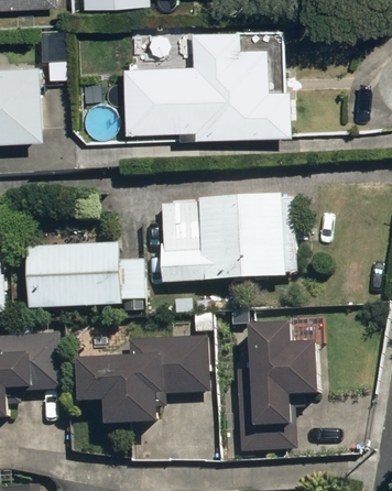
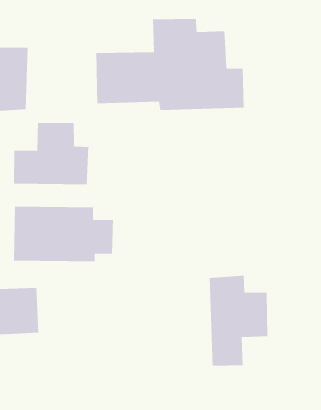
building: none -> [13,122,89,185]
building: [154,194,293,283] -> none
building: [77,339,204,424] -> none

